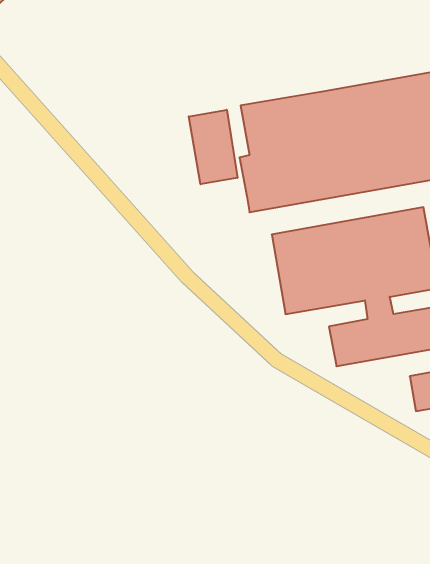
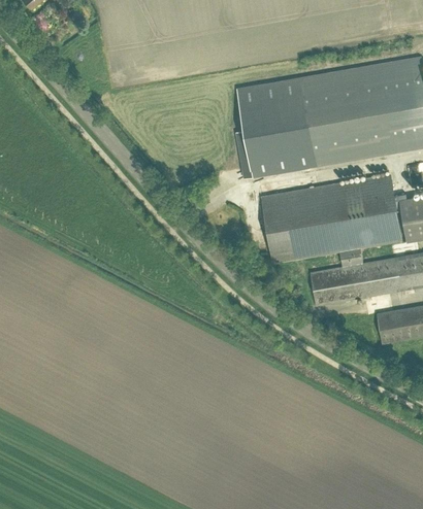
building: [189,110,237,184] -> none

